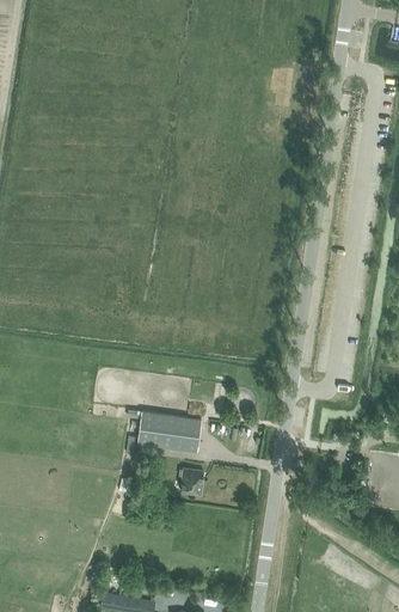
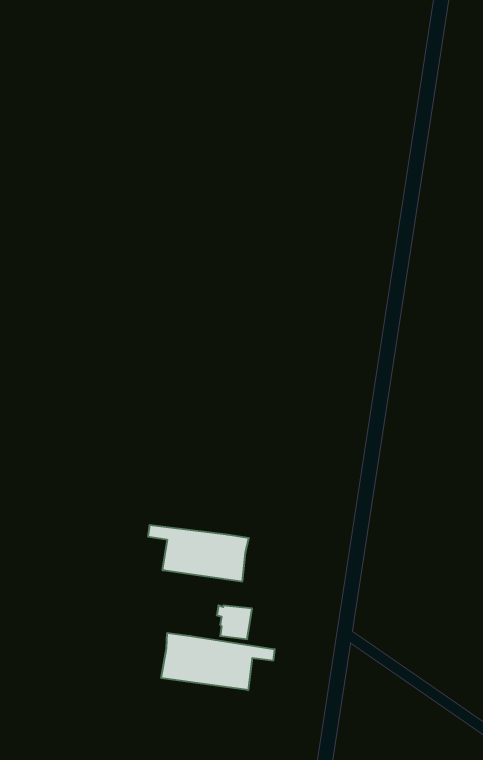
building: none -> [161,633,275,690]

